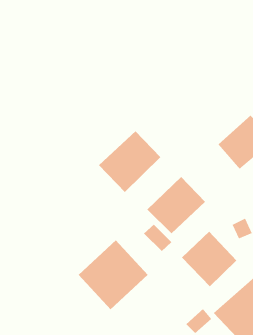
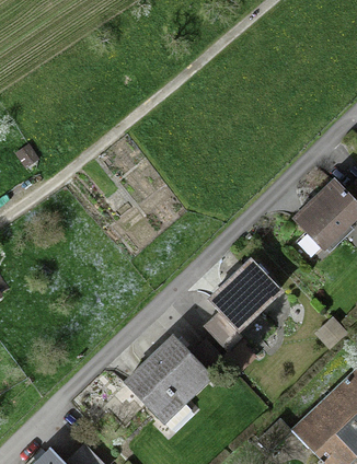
building: [98,131,161,193] -> none
building: [181,231,237,287] -> none

